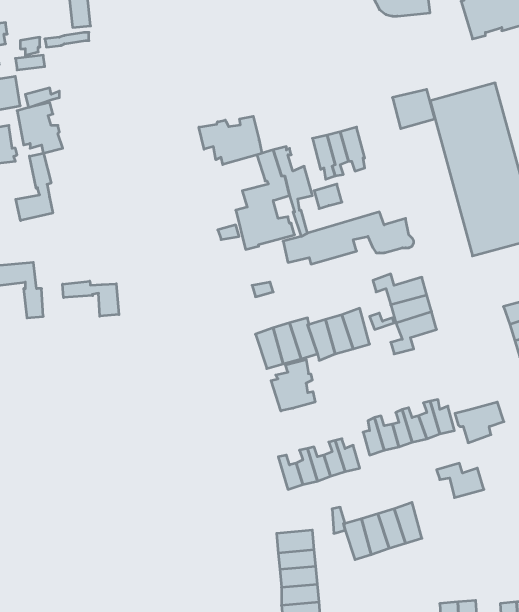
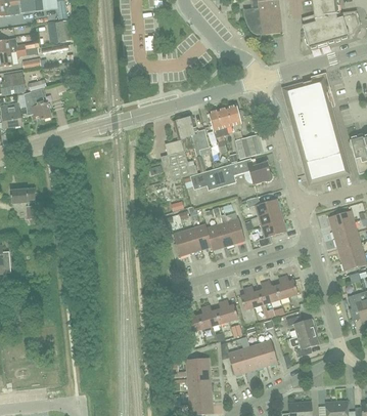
building: [392,89,435,129] -> [234,134,261,159]
building: [199,116,262,165] -> none
building: [16,153,53,221] -> none
building: [63,281,119,316] -> none
building: [271,360,315,411] -> none
building: [455,402,504,443] -> [289,331,320,357]

